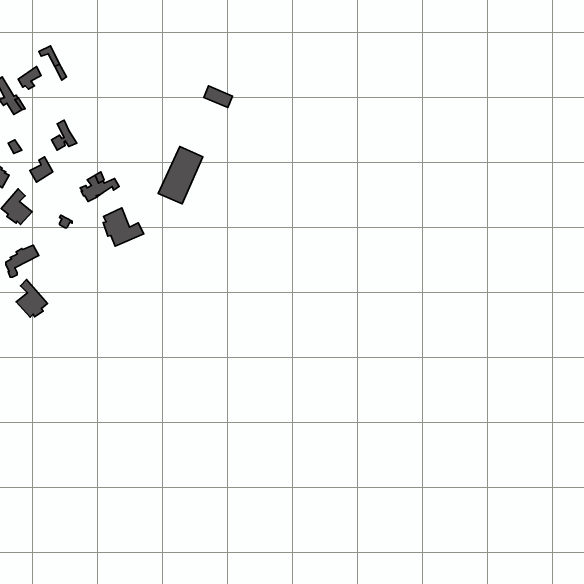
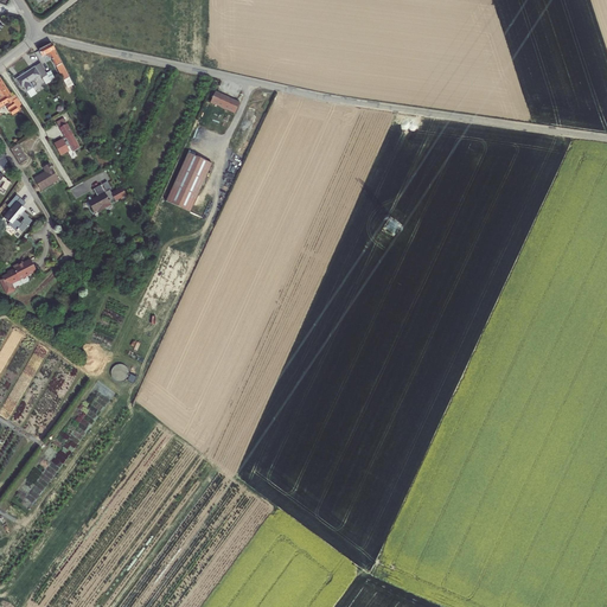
building: [103,208,144,246] -> none
building: [16,280,48,317] -> none

